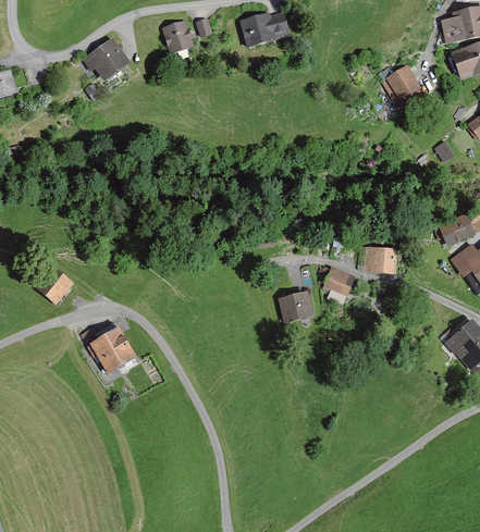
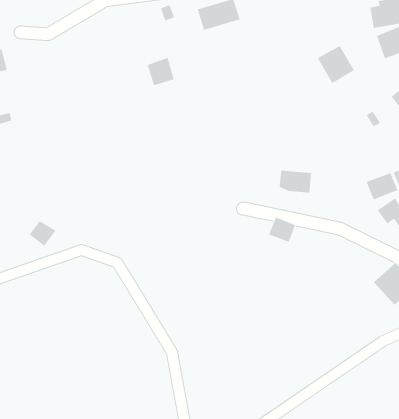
building: [161,17,194,51] -> [147,57,175,86]
building: [84,36,131,82] -> none
building: [358,245,397,272] -> [279,170,312,193]
building: [278,290,312,321] -> none
building: [87,327,136,375] -> none

